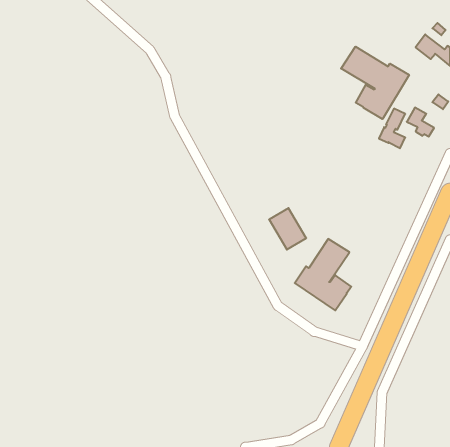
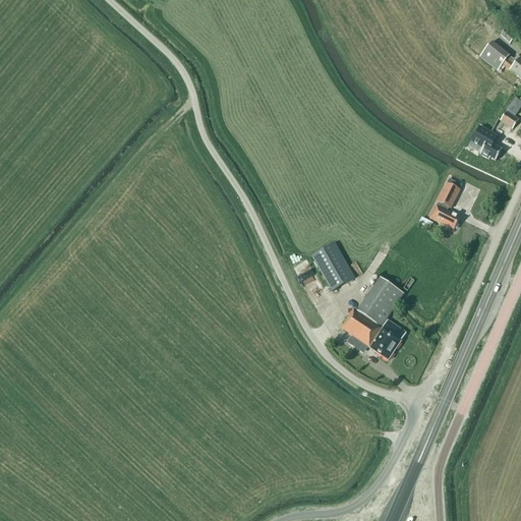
building: [341,47,409,119] -> none
building: [379,109,405,148] -> [428,181,459,227]

